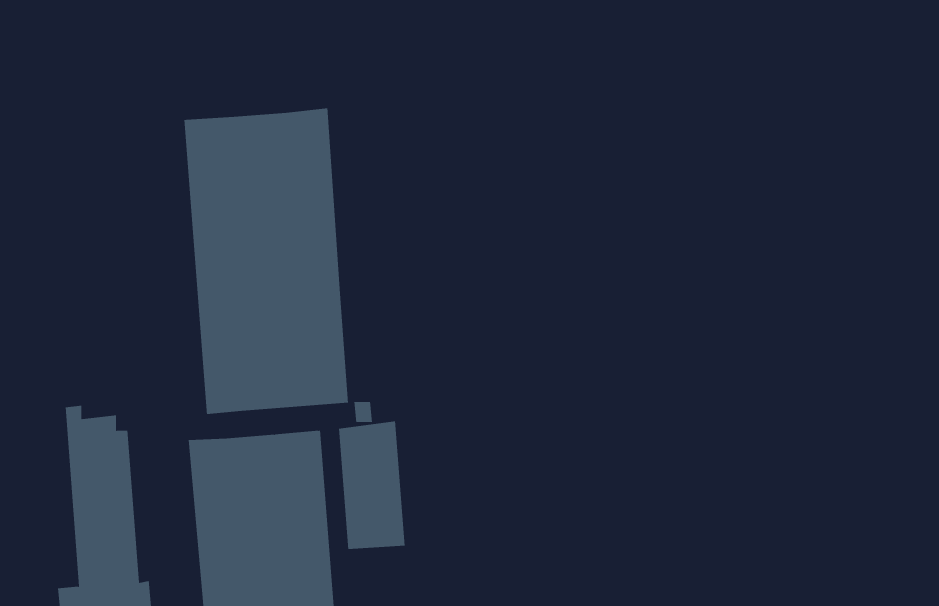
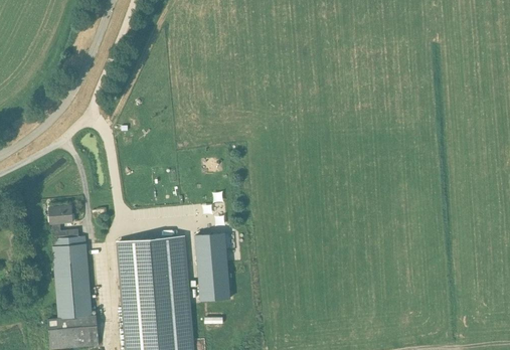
building: [184,108,348,415] -> none
building: none -> [48,205,72,224]

